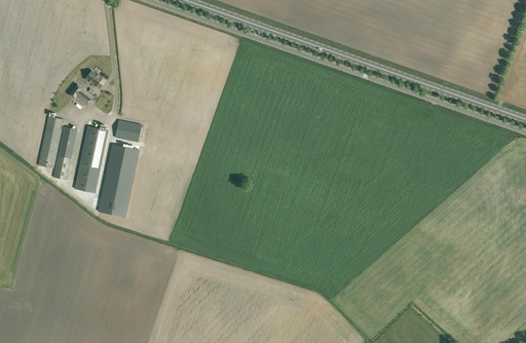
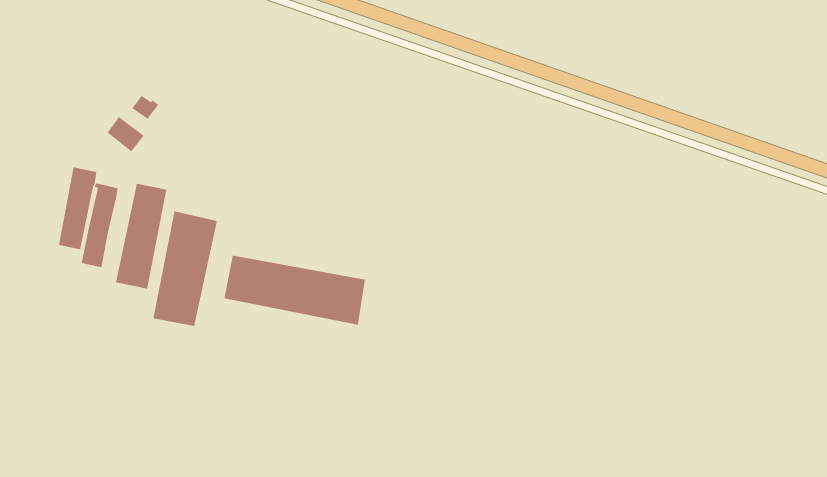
building: [114,120,141,142] -> none
building: none -> [224,255,366,325]

